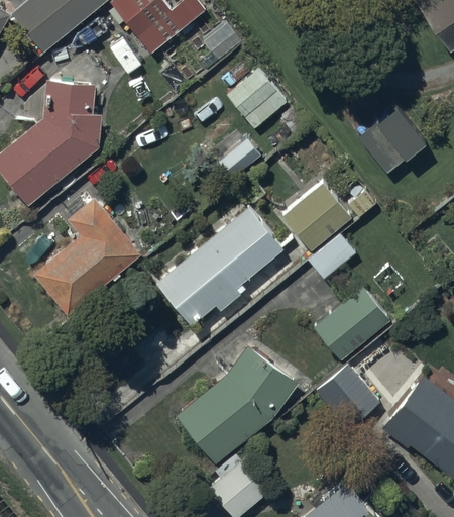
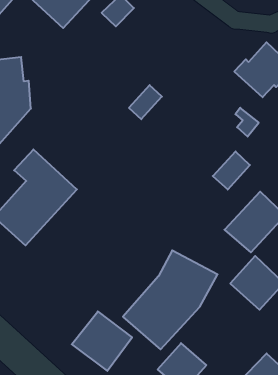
building: [227,68,288,129] -> none
building: [281,183,351,251] -> none
building: [155,207,286,327] -> none
building: none -> [72,311,132,371]

